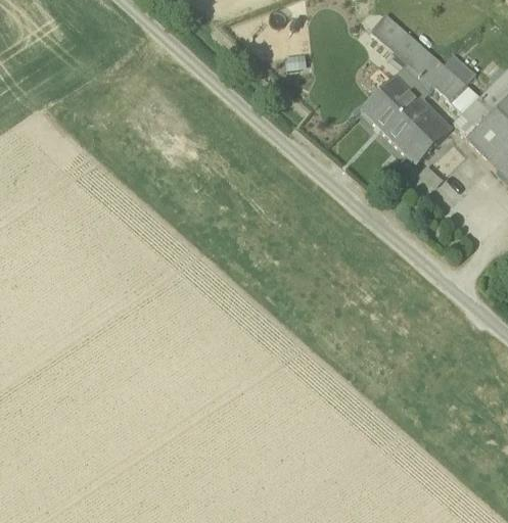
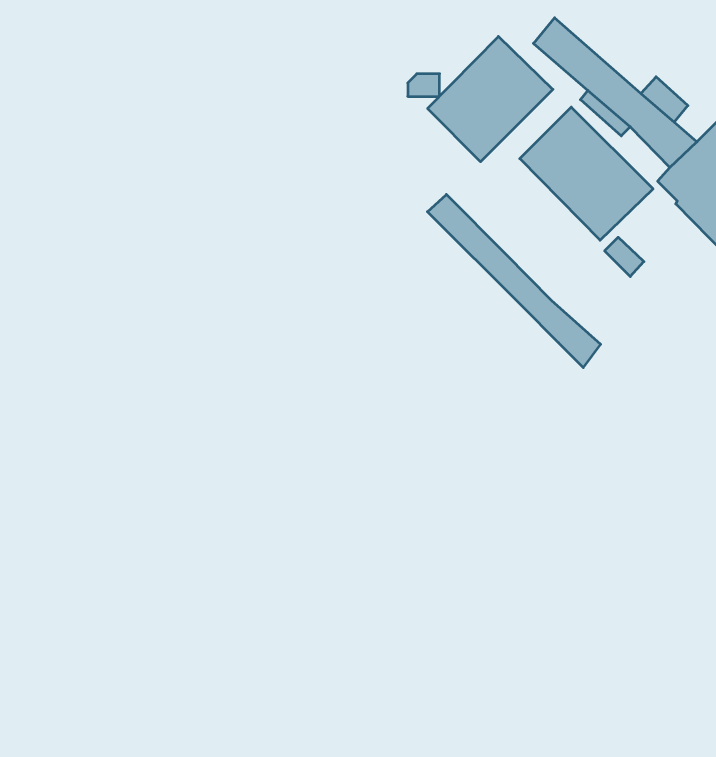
building: none -> [428,36,553,162]
building: none -> [427,194,601,368]

